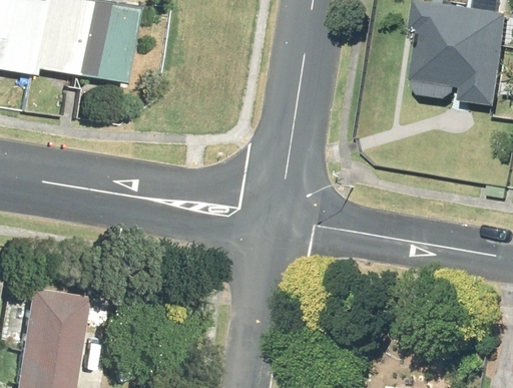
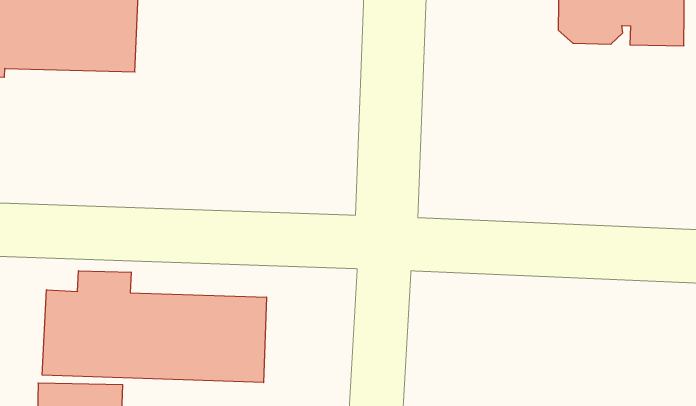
building: none -> [42,271,266,383]

